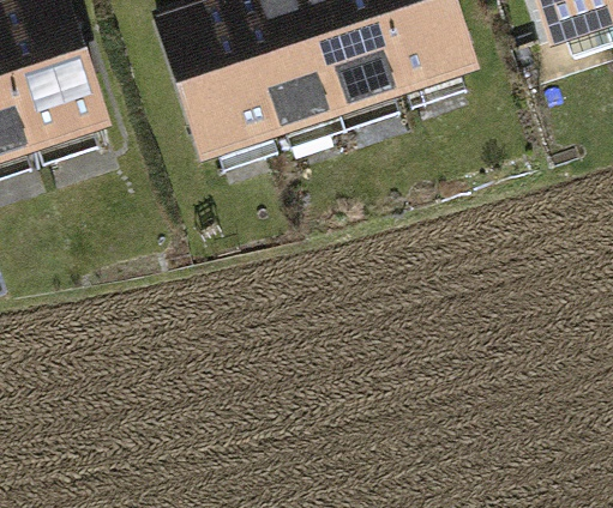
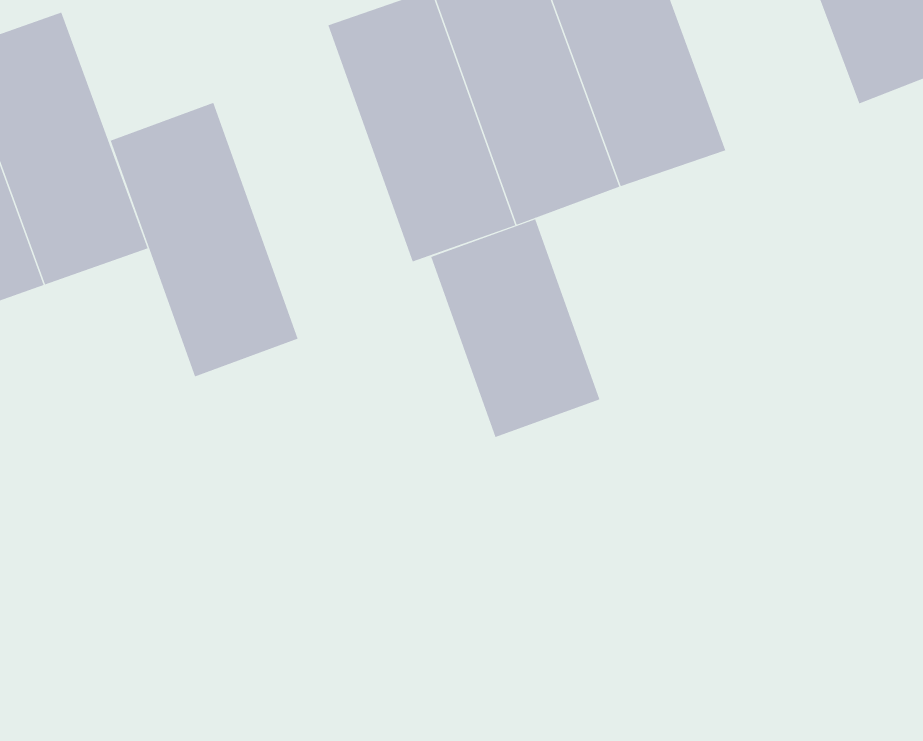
building: [162,24,280,195] -> [110,102,299,377]
building: none -> [430,218,600,438]

